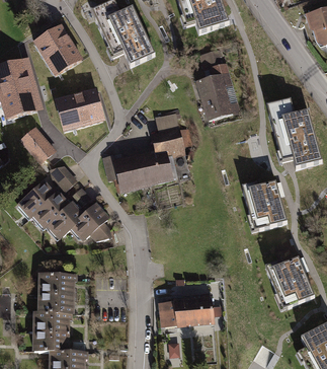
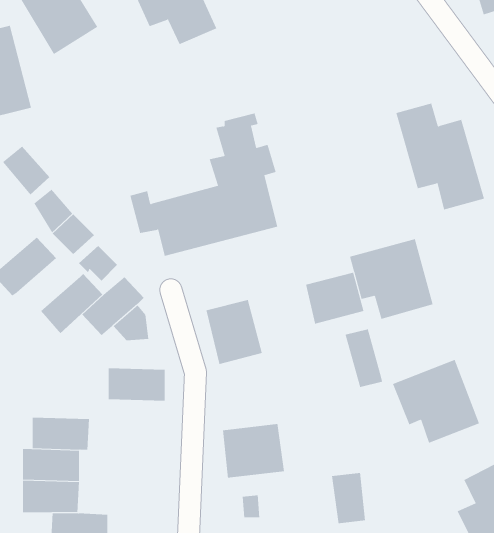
building: [192,46,240,120] -> none
building: [55,82,102,125] -> none
building: [31,192,70,229] -> none
building: none -> [305,272,364,324]
building: none -> [206,299,263,365]
building: none -> [345,329,383,388]
building: [40,273,76,293] -> [108,368,166,401]
building: [191,294,213,325] -> [331,472,366,524]

